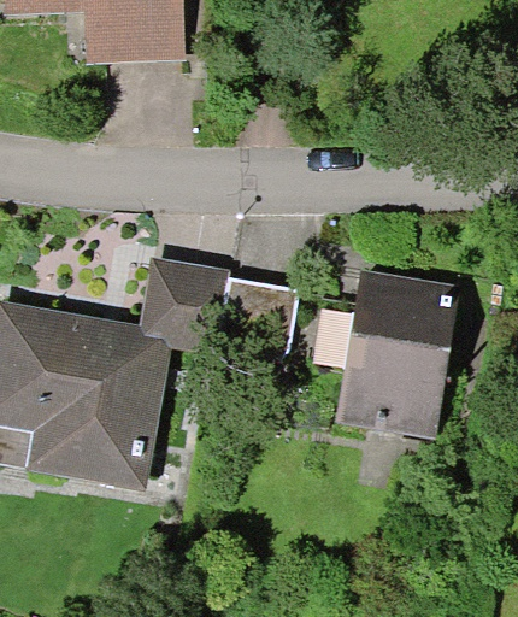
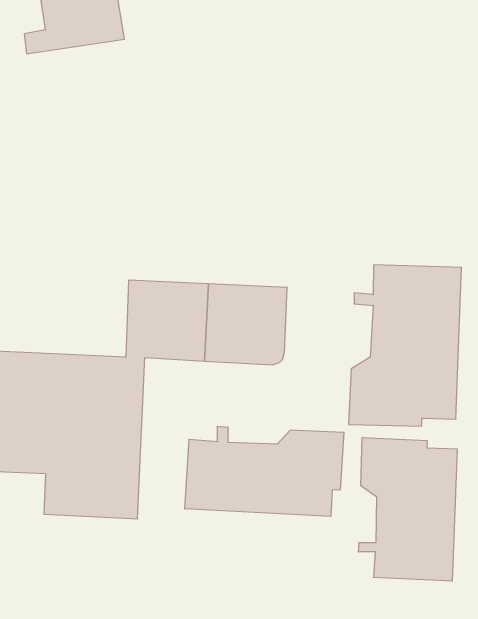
building: none -> [185,426,344,516]
building: none -> [358,437,457,581]

